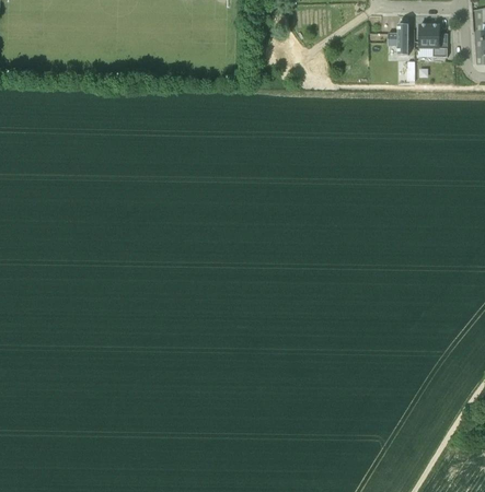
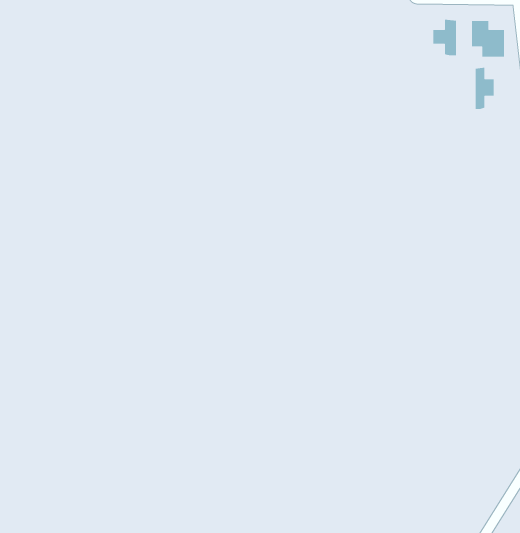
building: none -> [475,67,495,110]

